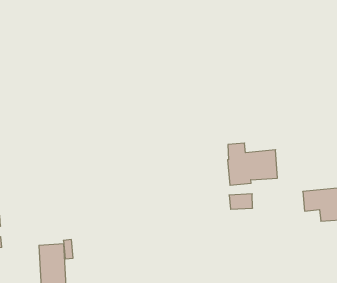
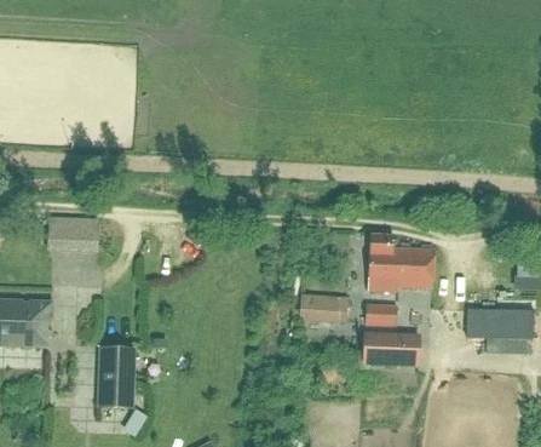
building: none -> [292,294,347,321]
building: none -> [363,333,405,363]

